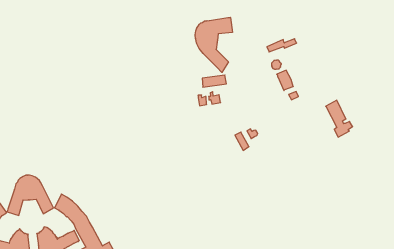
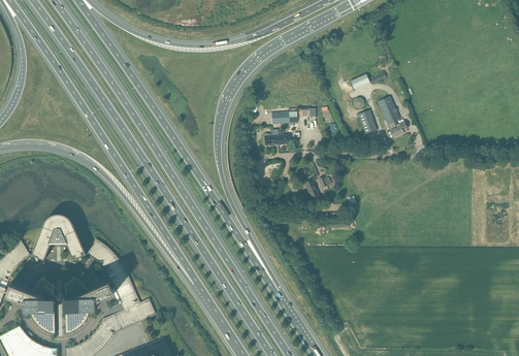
building: [195,17,232,72] -> none
building: [326,100,353,137] -> [378,96,408,139]

